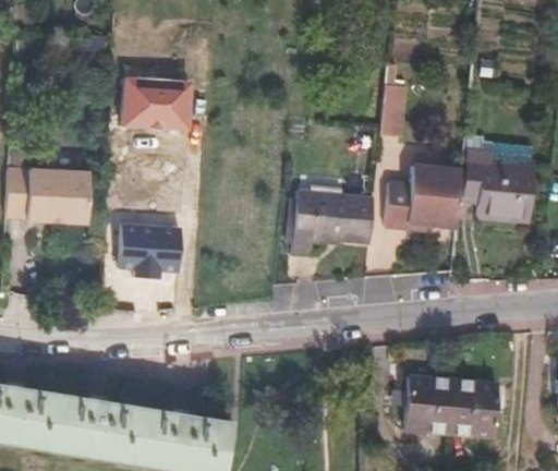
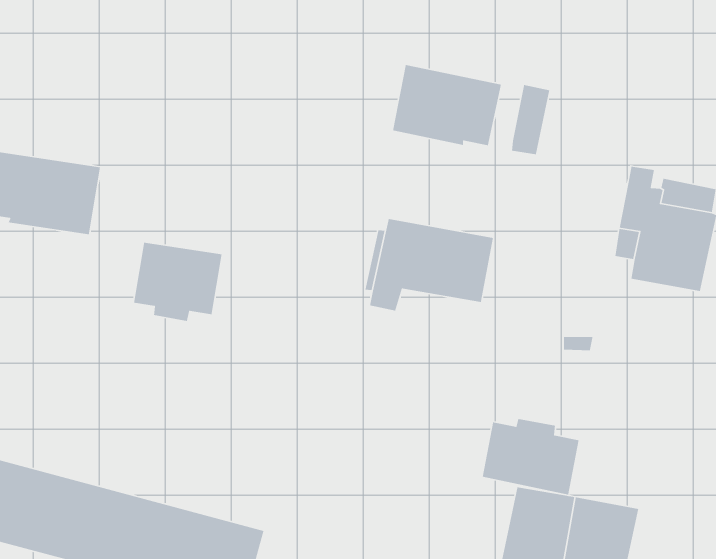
building: none -> [392,64,502,146]
building: [122,77,193,132] -> none
building: [385,164,462,229] -> none
building: none -> [482,418,580,495]

